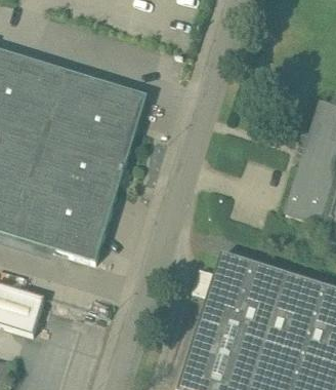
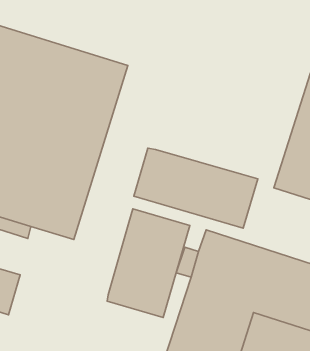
building: none -> [134,148,258,228]
building: none -> [107,209,190,318]

